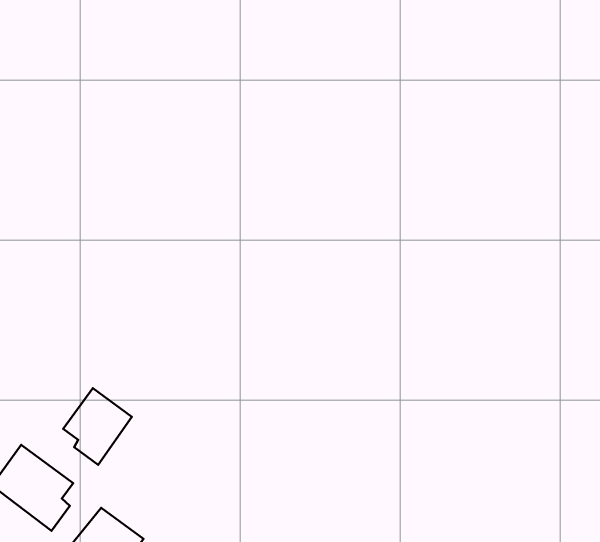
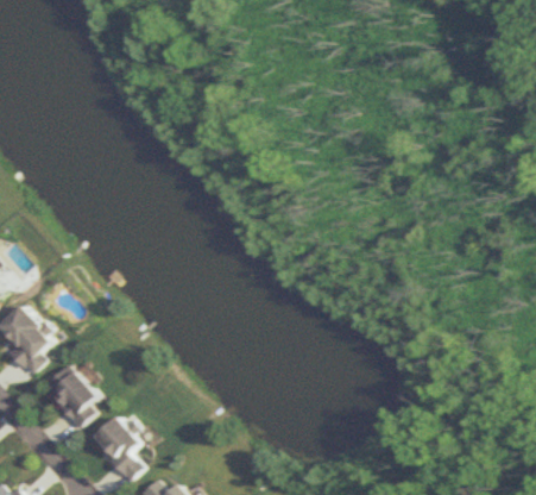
building: [63,388,132,465] -> none

